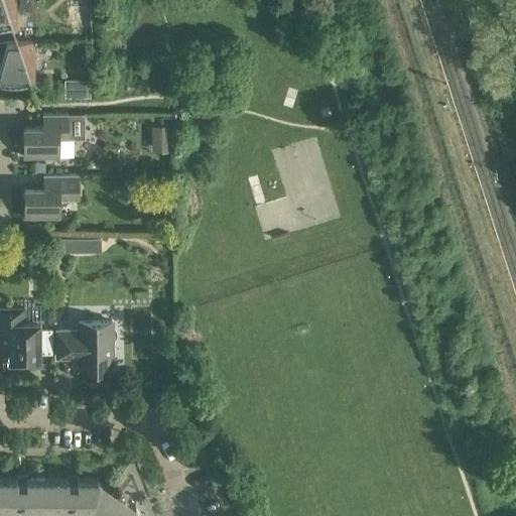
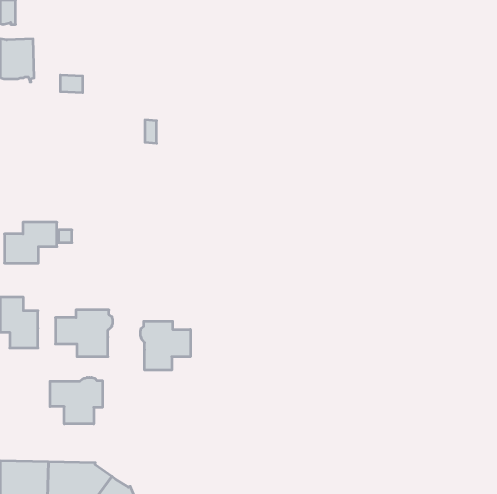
building: [24,117,75,160] -> none
building: [24,178,79,221] -> [4,222,57,263]
building: none -> [140,321,190,370]
building: none -> [50,377,102,424]

